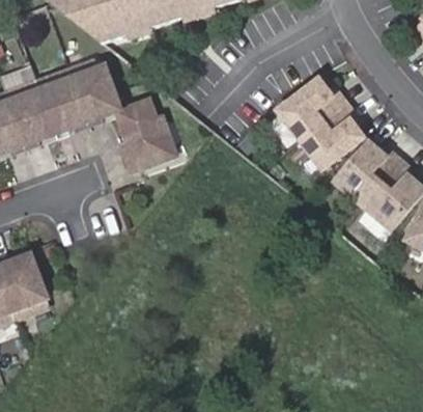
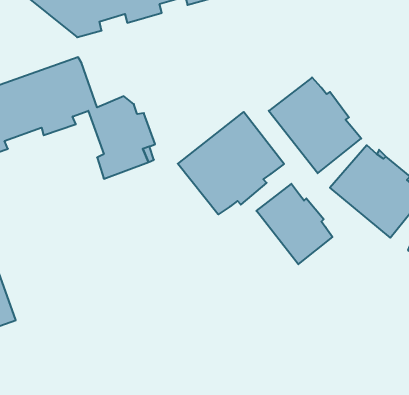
building: none -> [178,112,284,214]
building: none -> [256,184,332,264]

